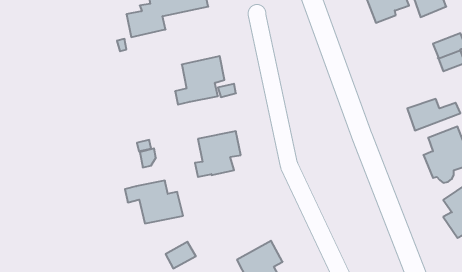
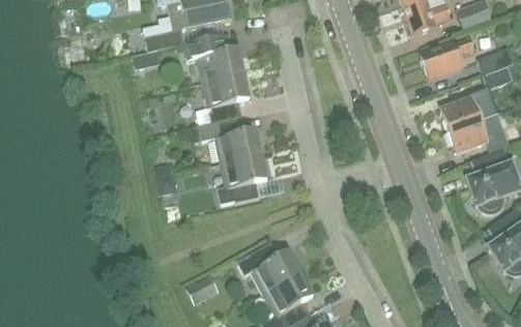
building: none -> [185,35,245,82]
building: none -> [422,37,474,79]
building: none -> [441,88,493,129]
building: [125,181,183,223] -> [200,116,263,162]
building: none -> [238,242,301,294]

